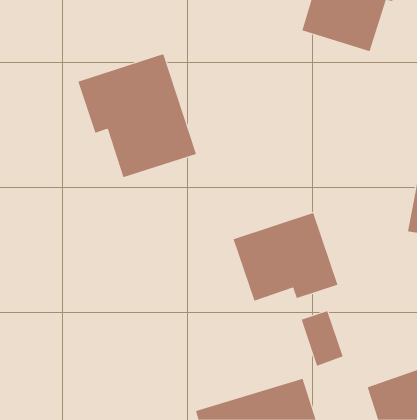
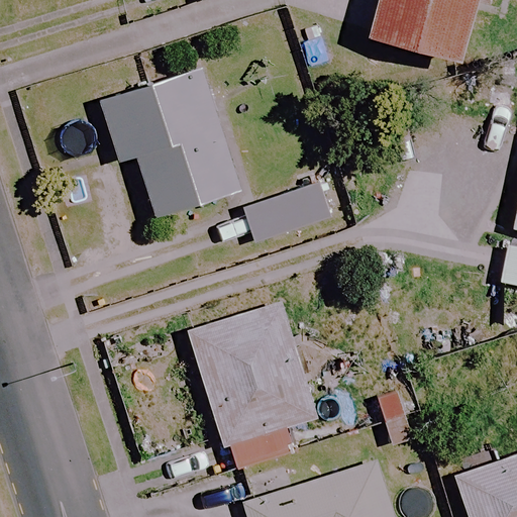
building: none -> [232,181,334,247]
building: [233,212,338,301] -> none
building: none -> [188,304,317,472]

